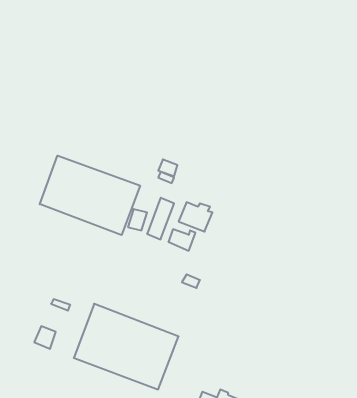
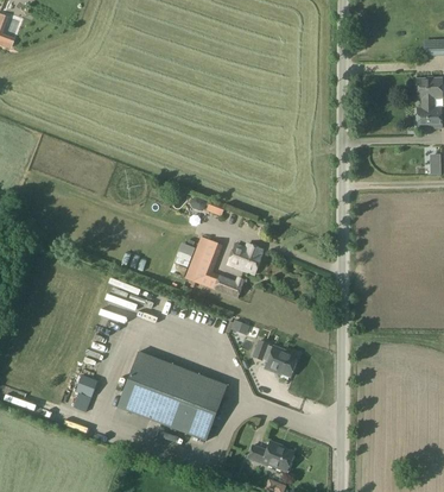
building: [40,156,140,235] -> none
building: none -> [252,338,298,374]

